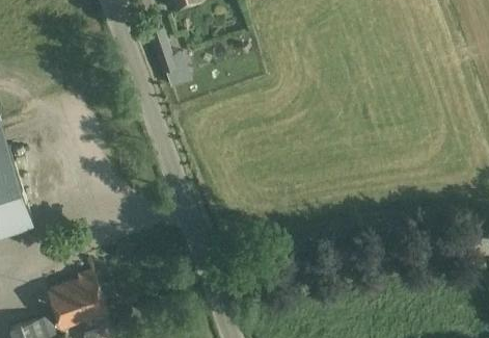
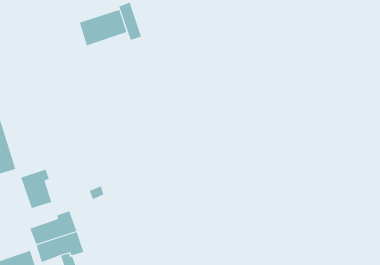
building: none -> [79,9,127,46]
building: none -> [21,169,52,209]

